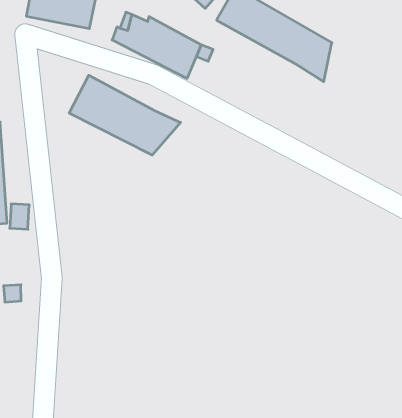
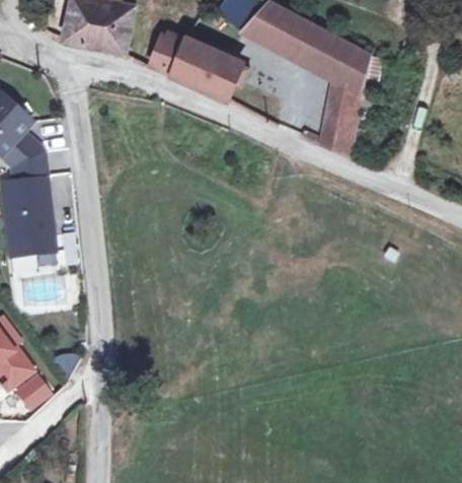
building: none -> [323,75,363,154]
building: [69,75,181,155] -> none

